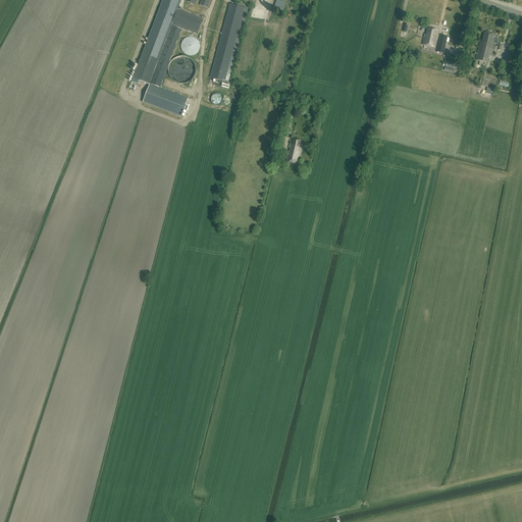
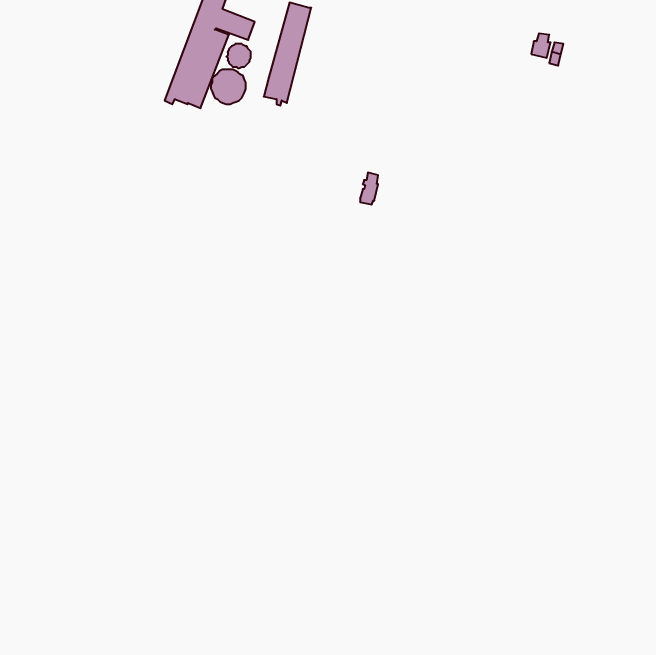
building: [475,31,502,61] -> none
building: [142,82,188,115] -> none

